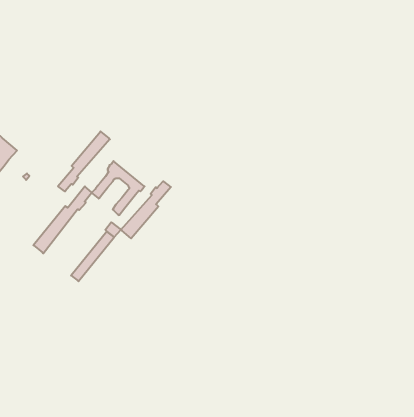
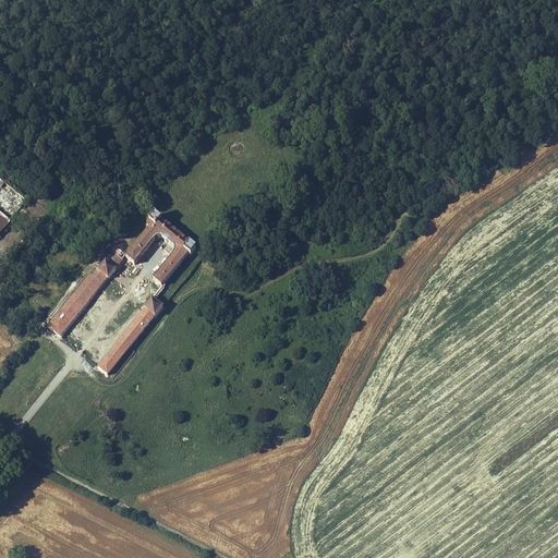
building: [58,131,110,191] -> none
building: [121,181,171,238] -> none

